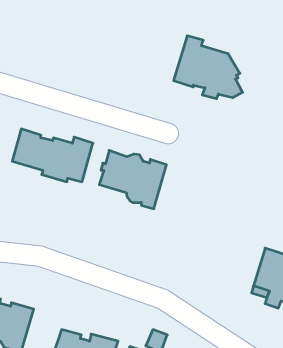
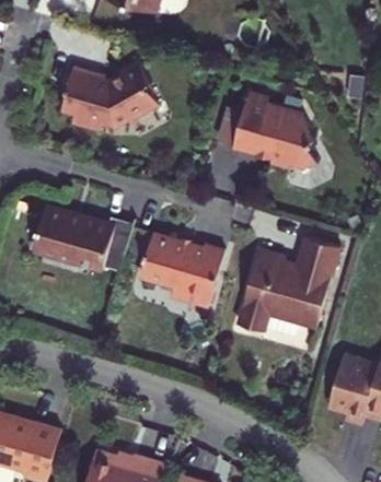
building: none -> [61,61,158,131]
building: none -> [232,235,334,328]

